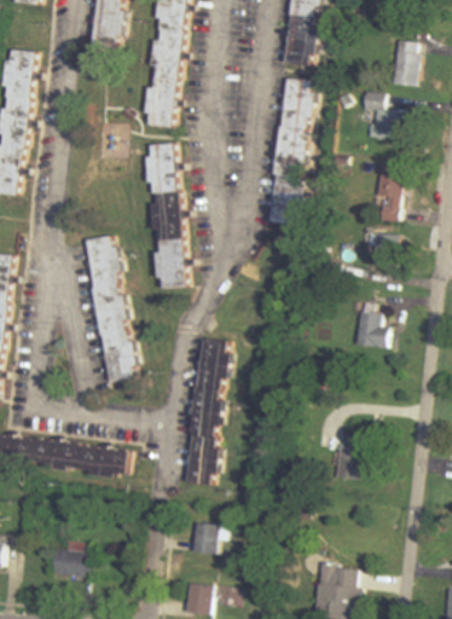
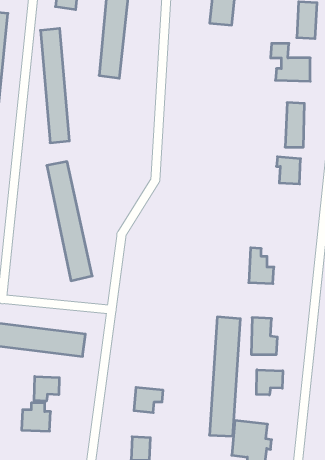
building: [265,81,309,227] -> none
building: [147,150,184,293] -> [40,28,69,143]
building: [358,301,389,346] -> [249,248,274,284]
building: [186,341,225,490] -> [209,317,240,436]
building: none -> [256,370,283,395]
building: none -> [34,376,59,401]

